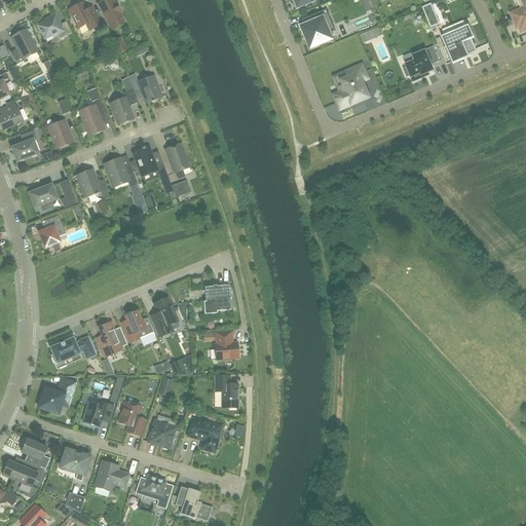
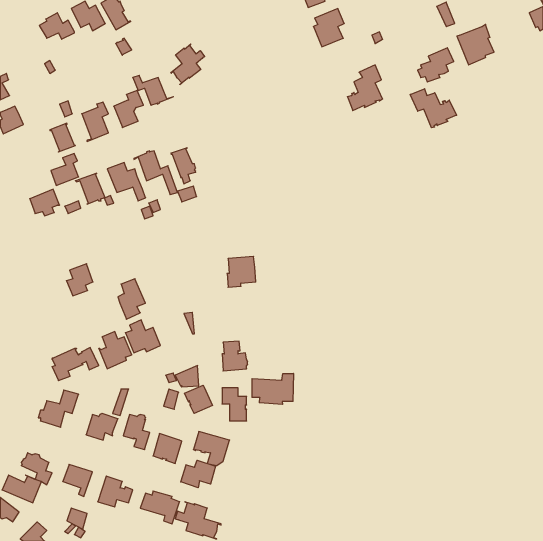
building: [10,26,38,63] -> none
building: none -> [171,44,205,84]
building: none -> [410,89,457,128]
building: [11,129,38,160] -> [51,154,79,185]
building: [39,215,65,246] -> [66,264,93,296]
building: [203,284,231,313] -> [227,256,256,287]
building: [151,297,178,336] -> [118,279,145,319]
building: none -> [252,373,293,404]
building: none -> [184,385,213,413]
building: none -> [181,460,216,488]

